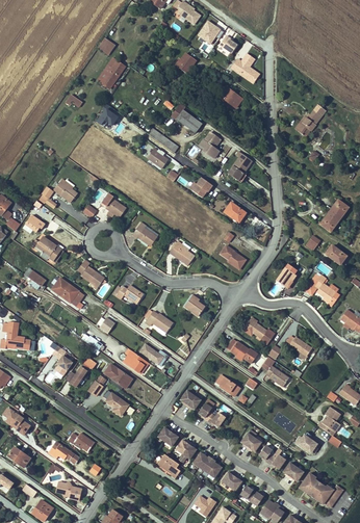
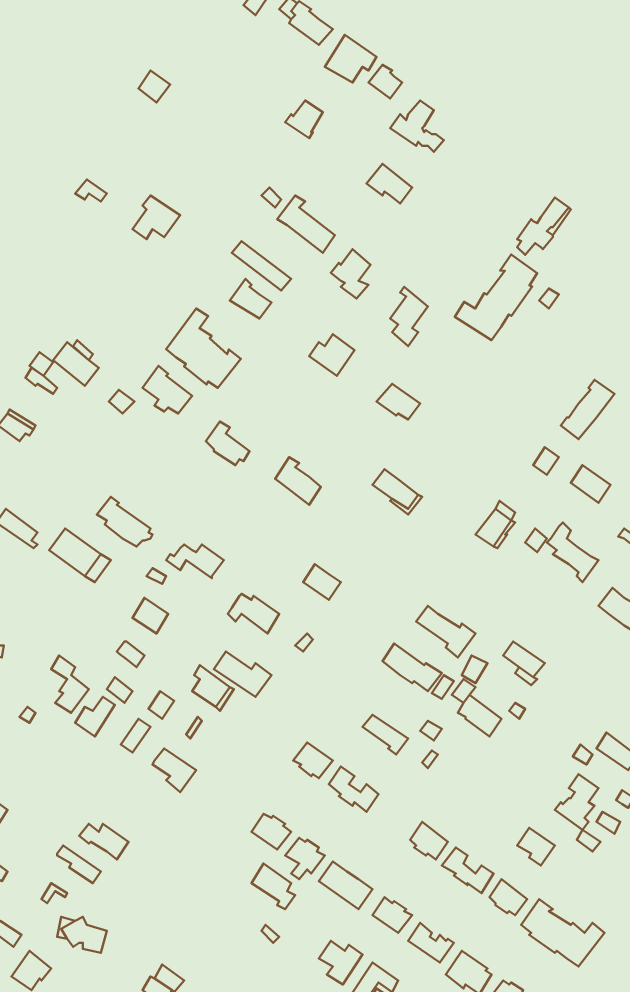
building: [97,57,125,88] -> none
building: none -> [455,255,537,340]
building: none -> [166,309,241,388]
building: [33,236,61,261] -> none

